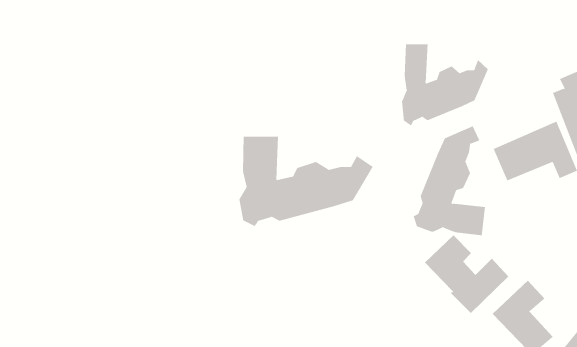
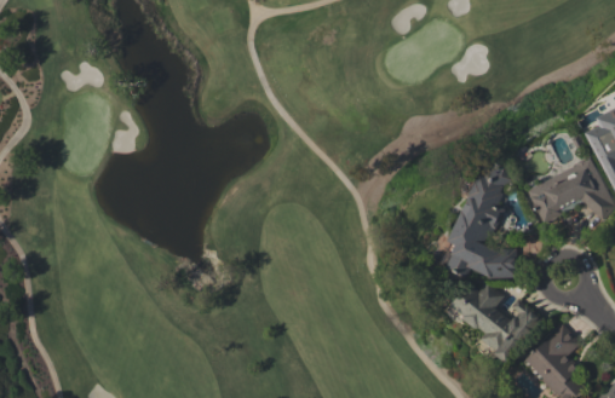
building: [401,44,488,127] -> none
building: [239,136,374,227] -> none

